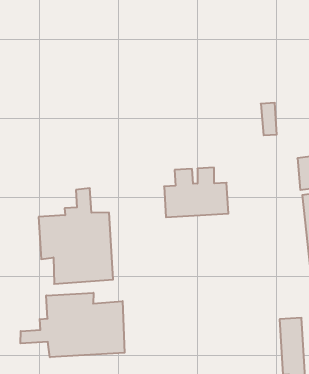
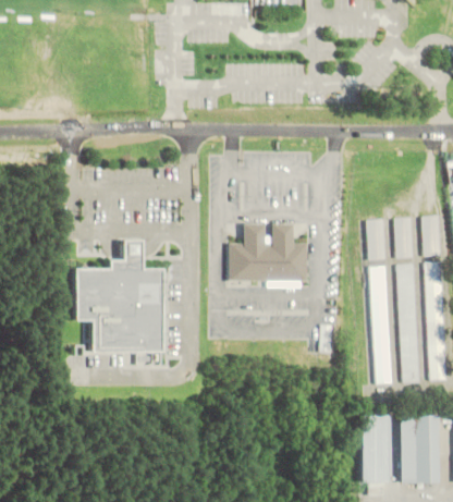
building: [261,103,277,135] -> [366,220,383,259]
building: none -> [369,266,391,385]
building: [20,293,125,357] -> none

